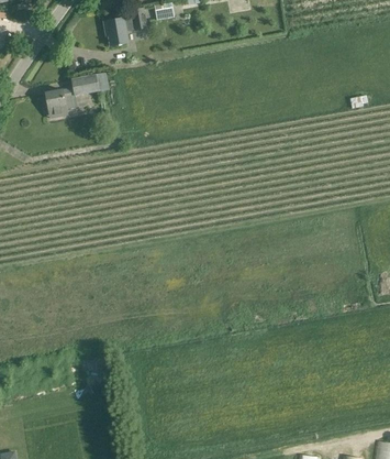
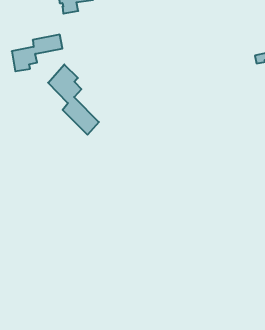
building: none -> [48,64,99,135]

